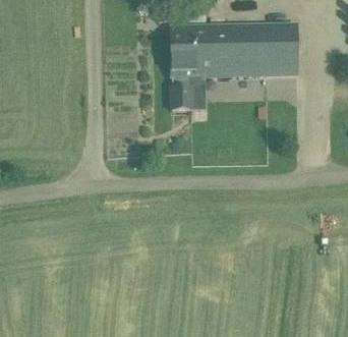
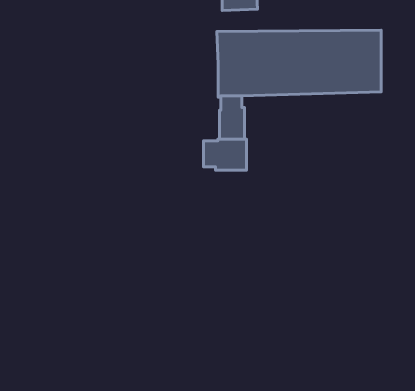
building: none -> [204,139,247,170]

